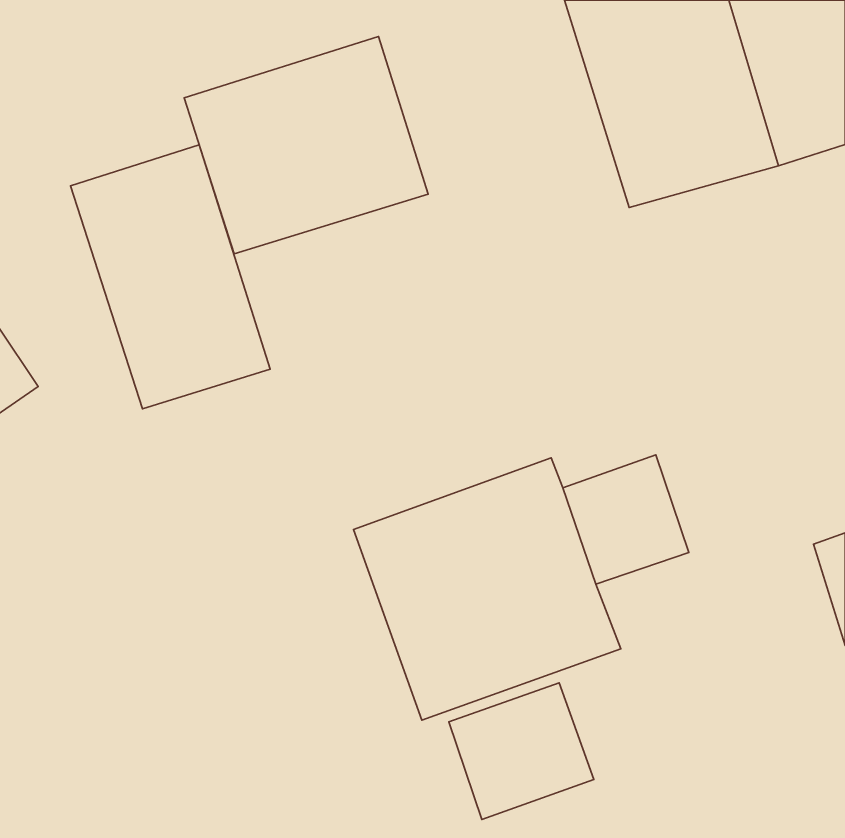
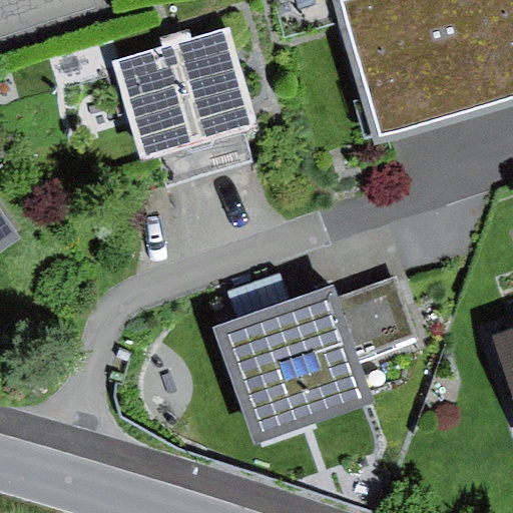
building: [71,145,270,409] -> none
building: [449,683,594,820] -> none

